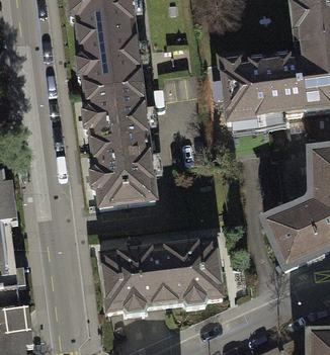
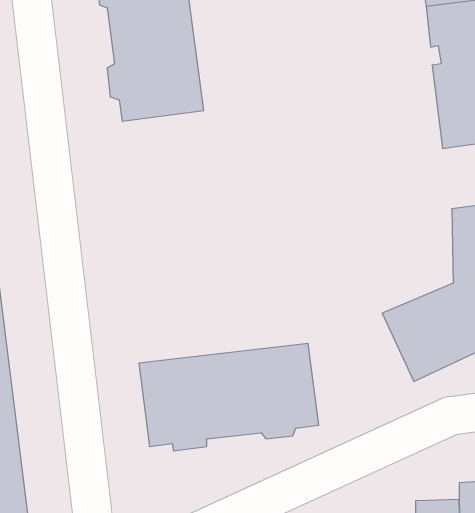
building: [217,55,302,120] -> none
building: [84,85,156,205] -> none

